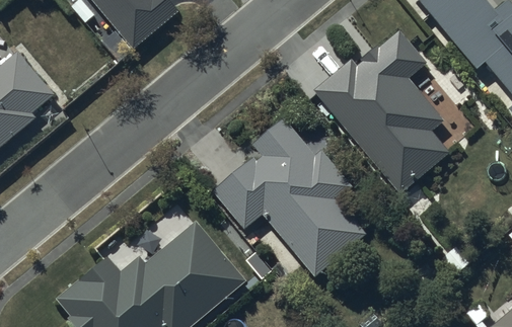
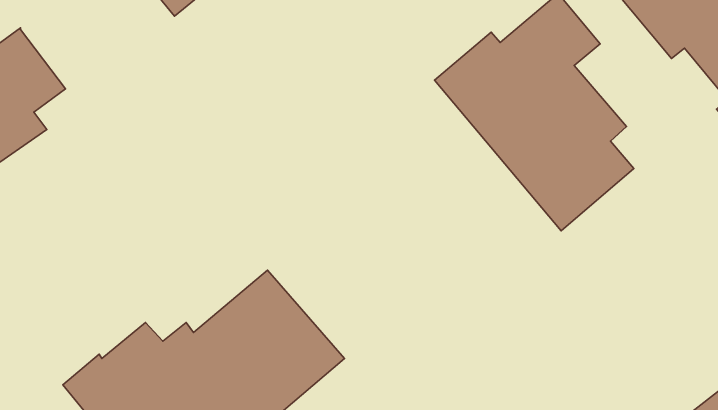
building: [214,118,365,275] -> none

